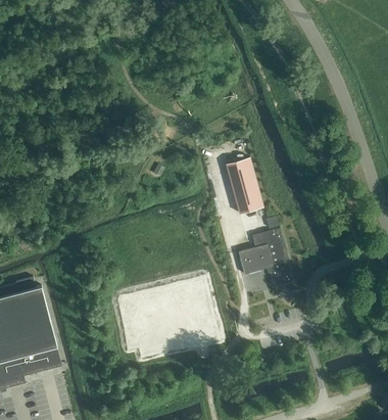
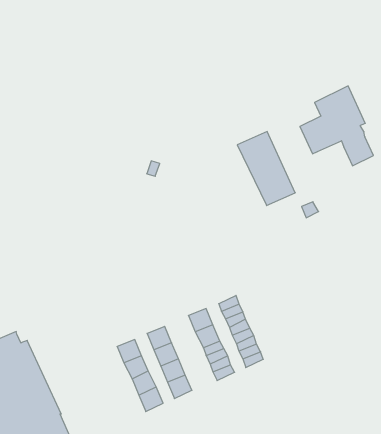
building: [237,228,289,289] -> [300,86,373,166]

